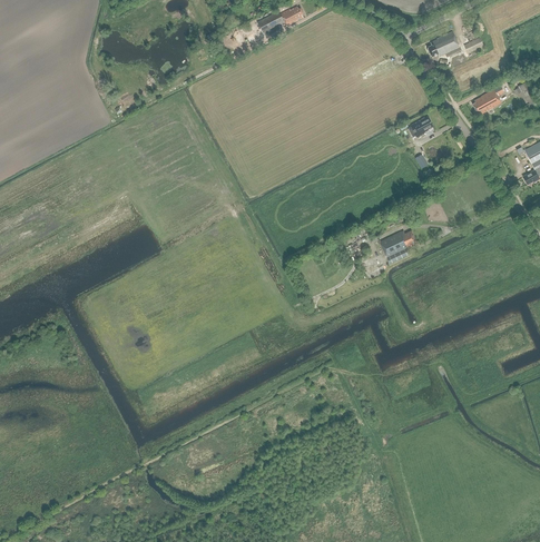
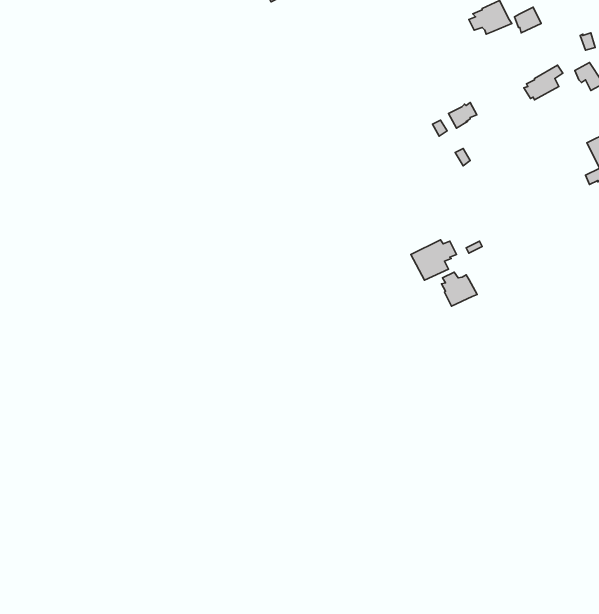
building: none -> [441,272,477,306]

